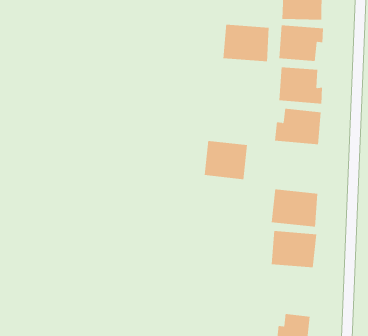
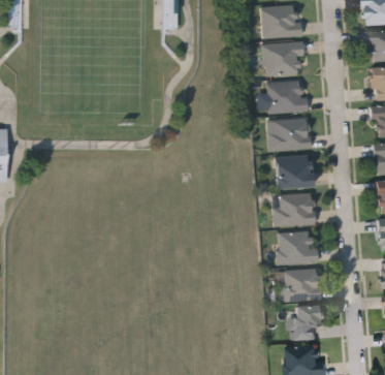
building: [223,24,269,62] -> none
building: [204,140,248,180] -> [274,157,311,189]
building: none -> [276,270,318,301]

